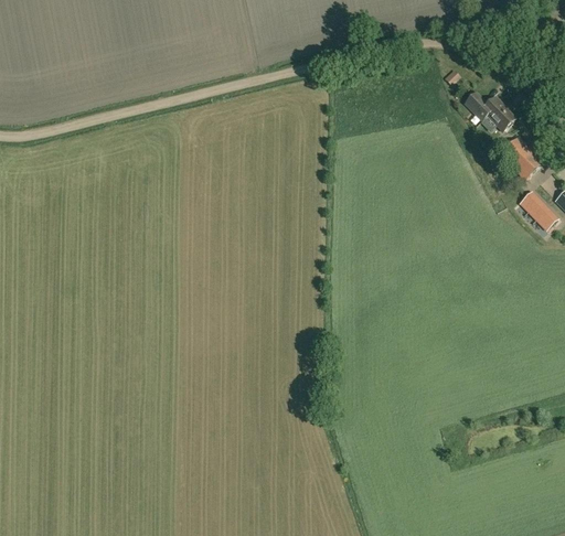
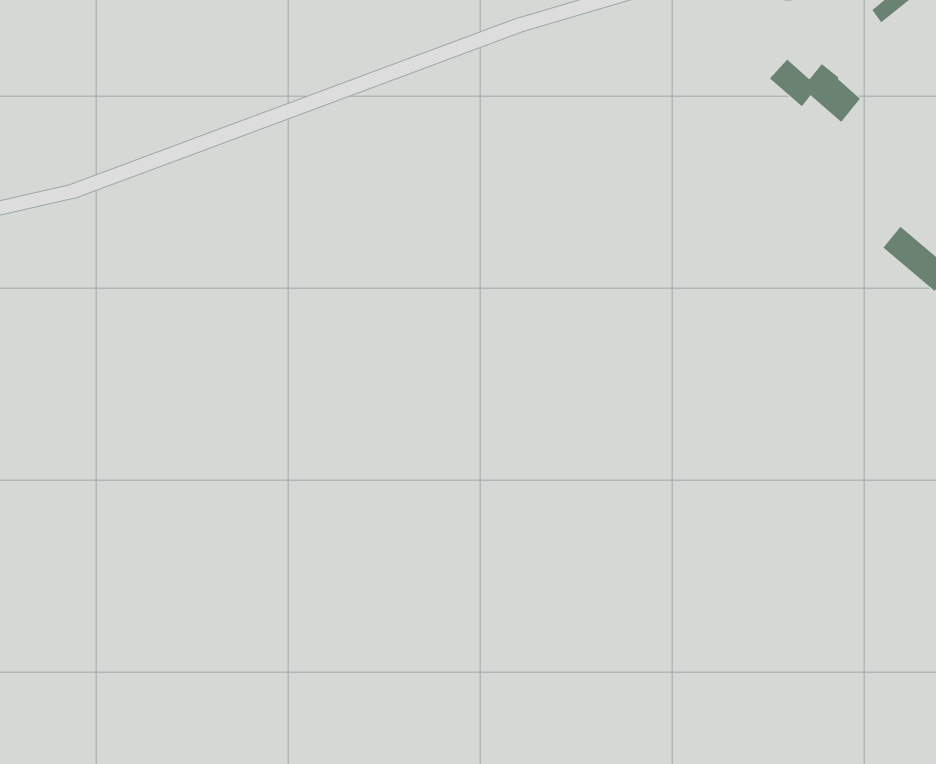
building: [501,137,544,179] -> none

